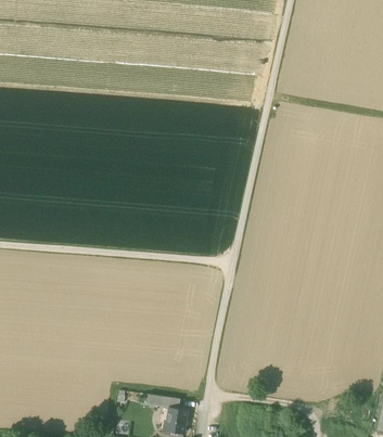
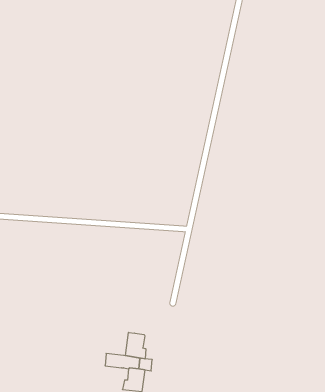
building: none -> [125,332,146,359]

